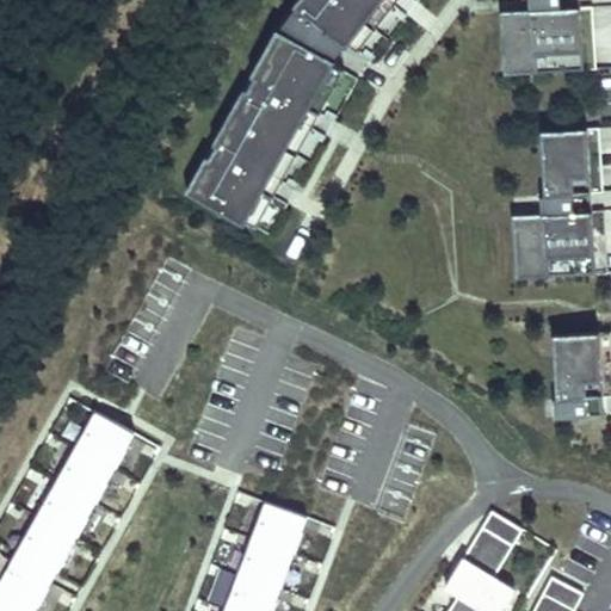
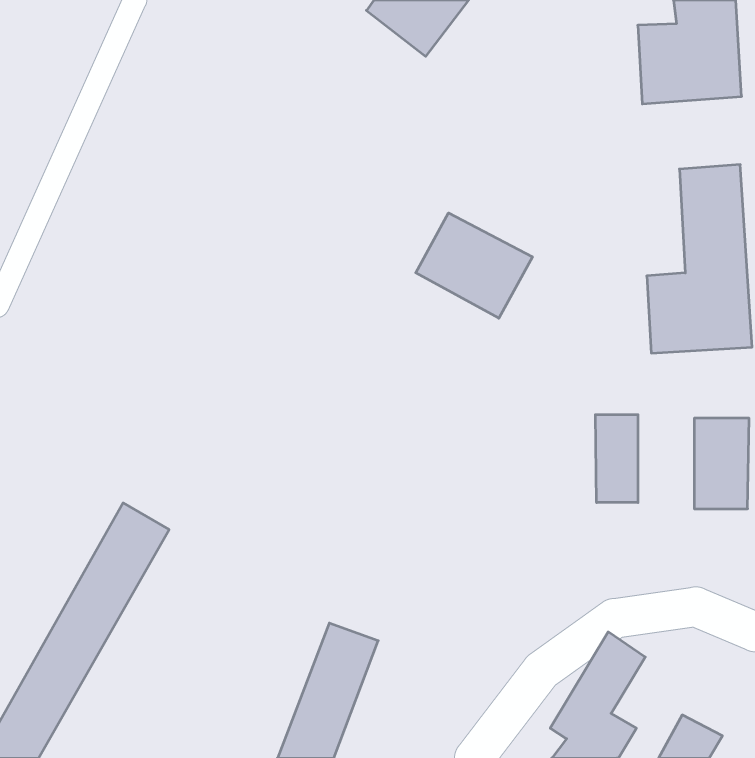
building: [184,26,339,233] -> none
building: none -> [416,213,532,318]
building: none -> [595,415,638,503]

